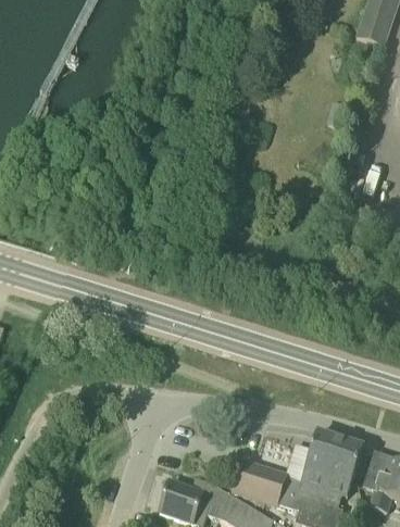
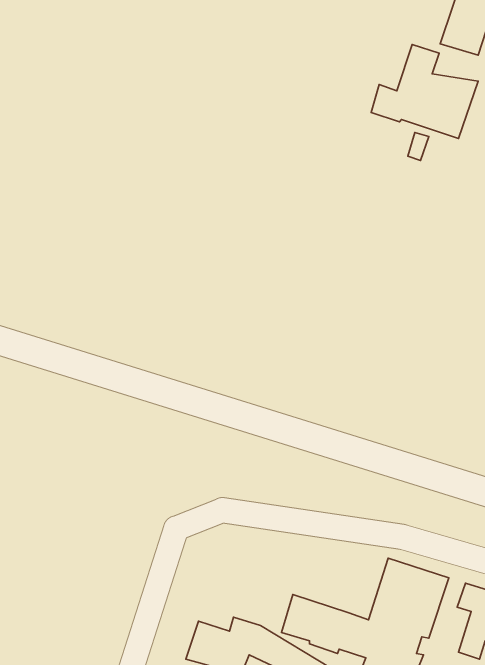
building: none -> [371,45,478,138]

